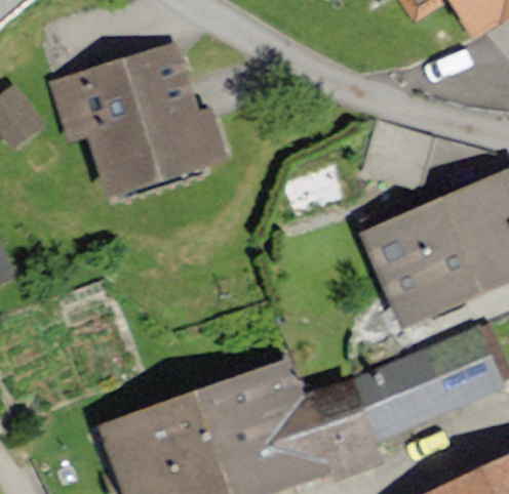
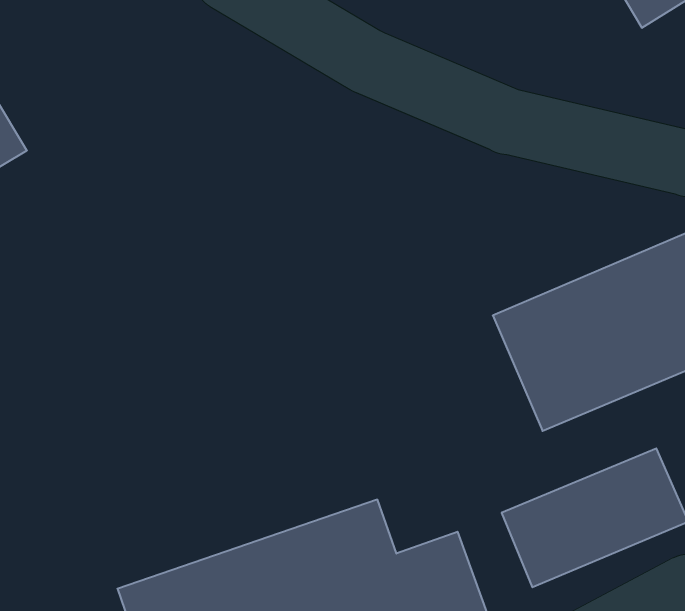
building: [69,35,224,192] -> none

